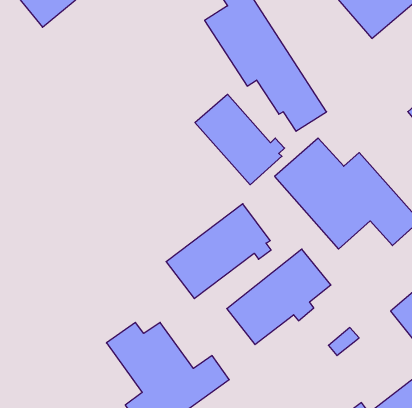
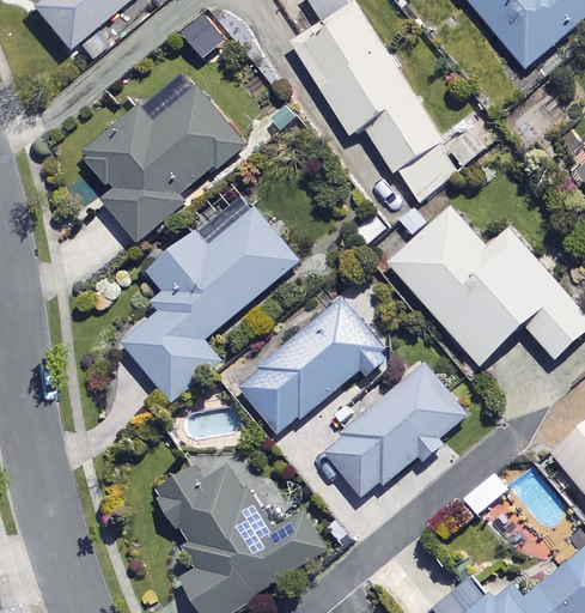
building: none -> [83,79,243,243]
building: [195,94,285,185] -> none
building: none -> [120,208,298,401]

